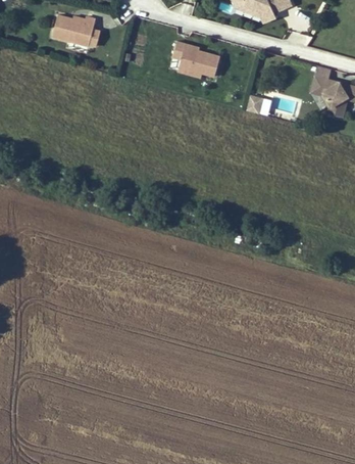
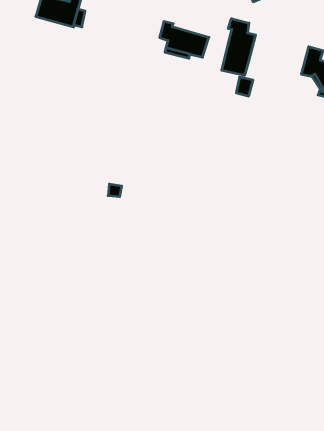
building: none -> [222,19,256,75]

